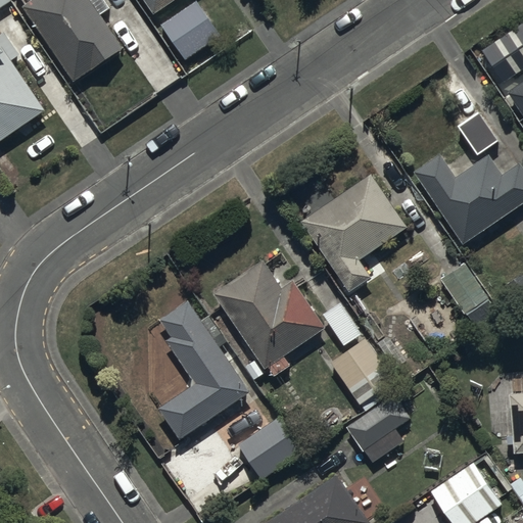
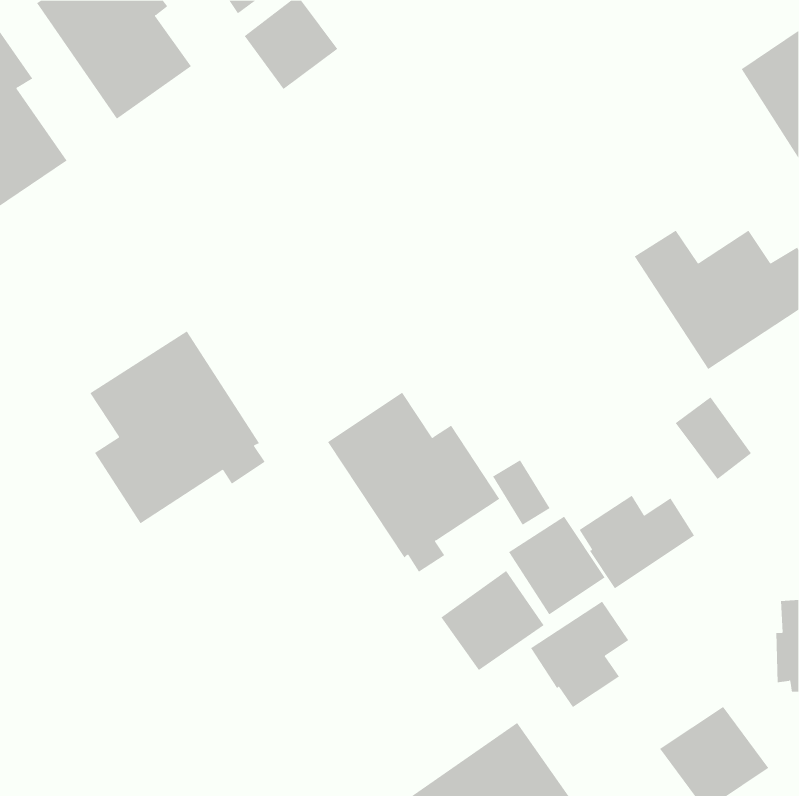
building: [299,174,409,293] -> none
building: none -> [90,331,266,524]
building: [157,299,262,438] -> none
building: none -> [579,495,695,589]
building: [236,414,303,479] -> [441,570,544,671]

